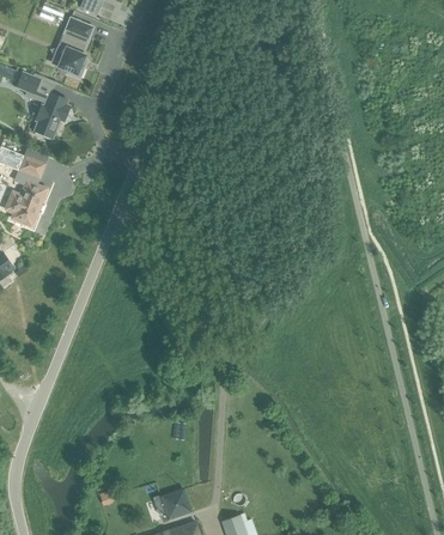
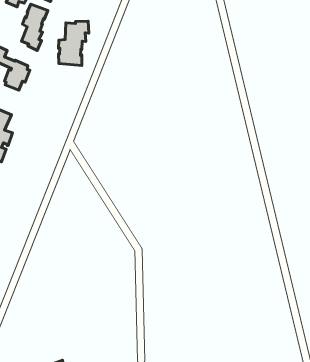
building: none -> [58,21,89,66]

